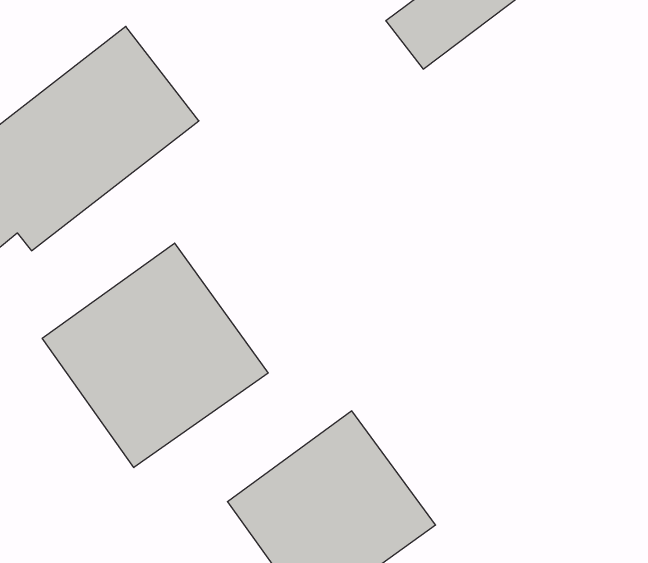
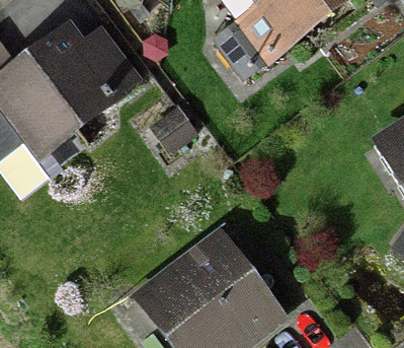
building: [42,243,268,468] -> none

